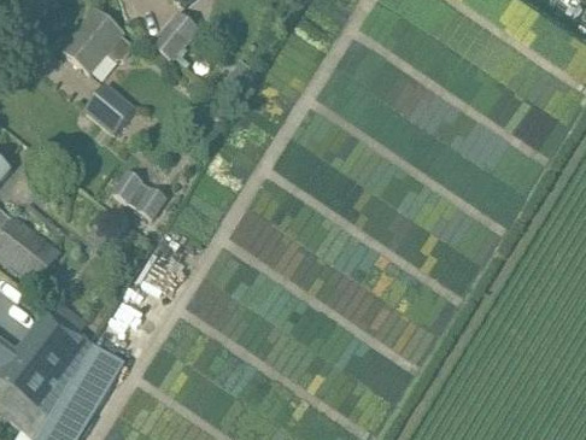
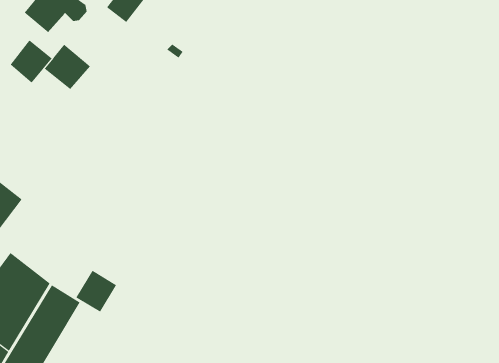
building: none -> [10,40,52,83]
building: [113,170,166,217] -> none
building: none -> [76,270,117,313]

